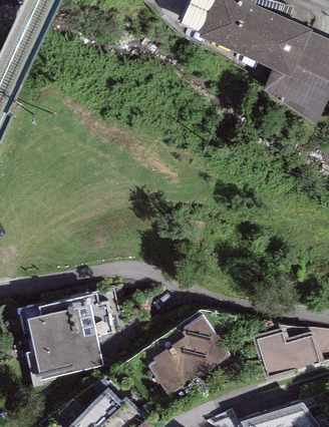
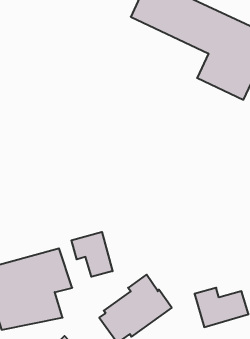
building: none -> [71,232,113,277]

